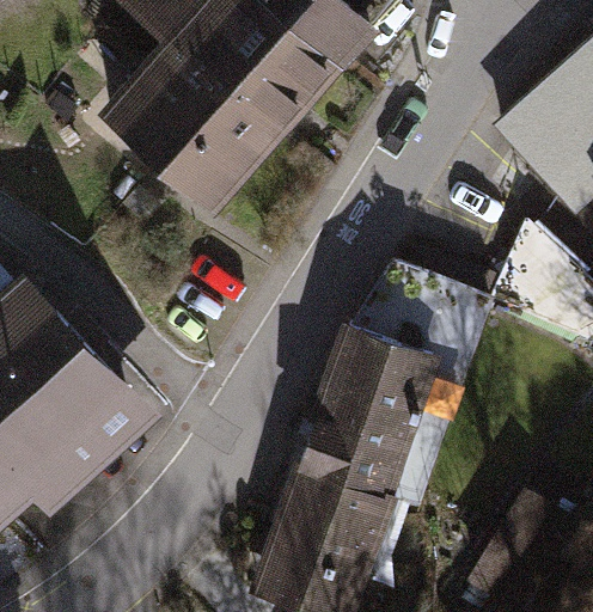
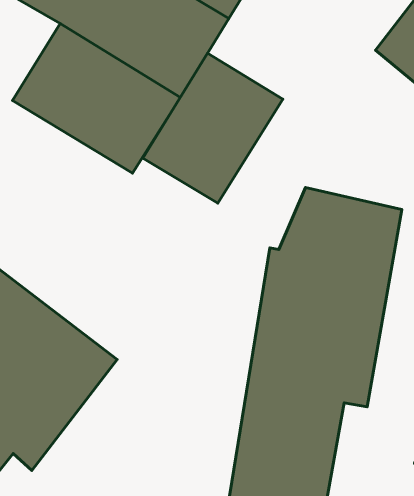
building: none -> [143,53,283,203]

